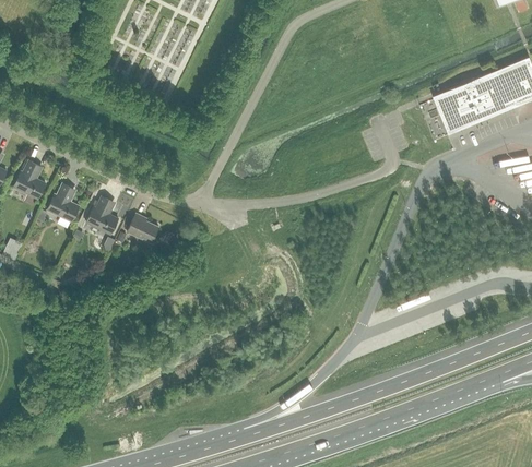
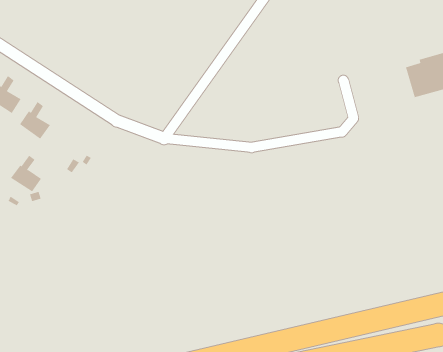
building: [85,195,118,234] -> [10,155,42,192]
building: [127,213,159,242] -> none

